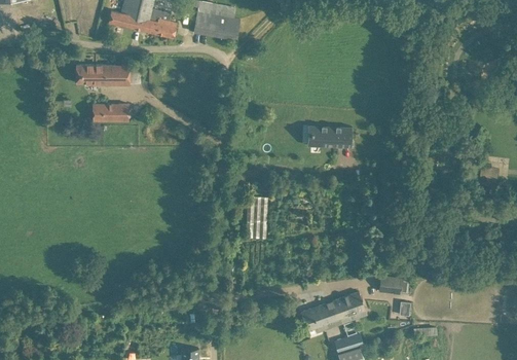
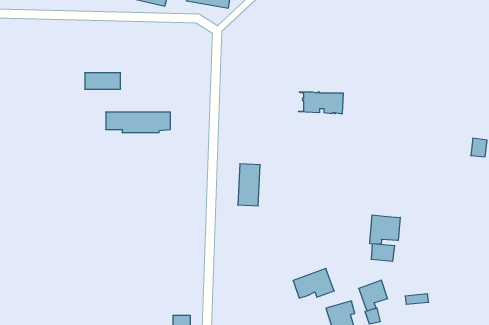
building: [76,66,141,86] -> [106,112,170,133]
building: none -> [370,215,400,244]
building: [334,293,363,324] -> [359,280,388,311]

